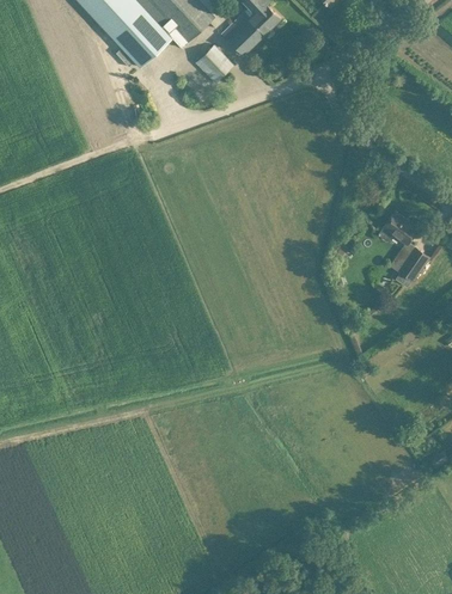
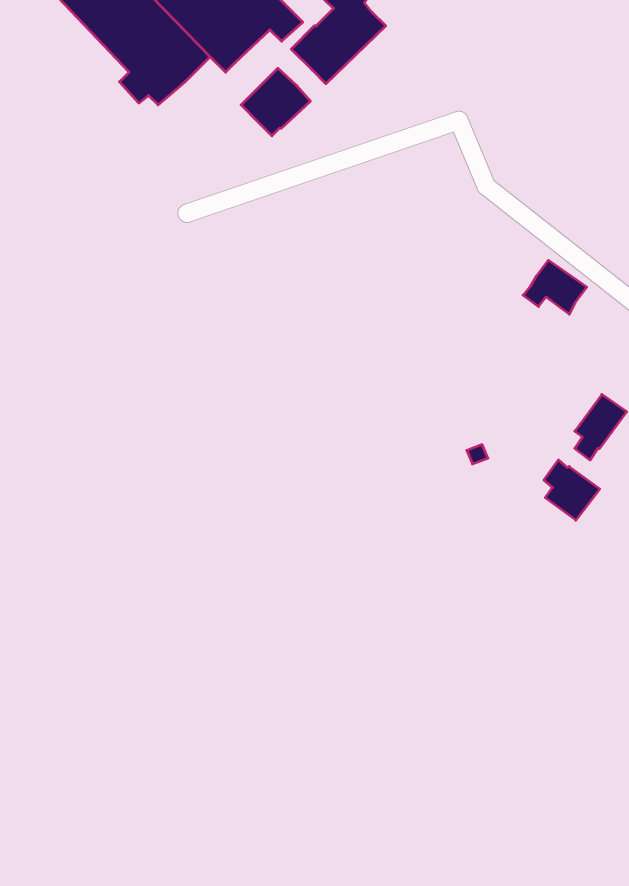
building: [379,210,419,244] -> [523,260,587,314]
building: none -> [544,460,600,520]

